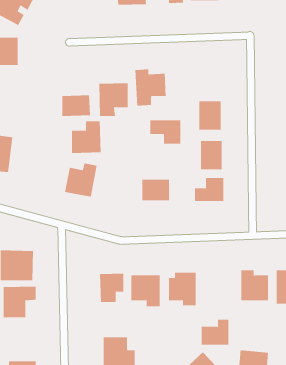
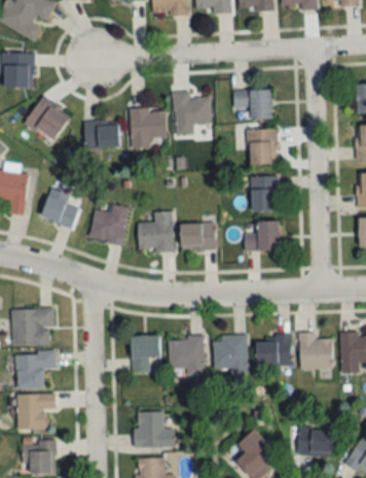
building: none -> [25,97,70,141]
building: [149,120,181,144] -> [233,91,271,120]
building: [71,121,101,153] -> [138,212,174,251]
building: none -> [40,189,78,229]
building: [201,319,229,345] -> [257,334,291,365]
building: none -> [16,395,56,430]

